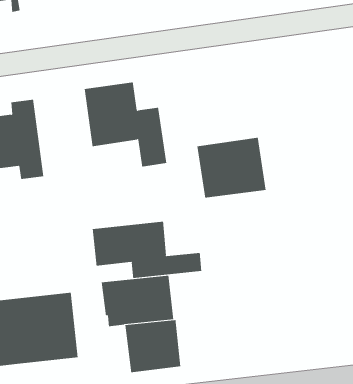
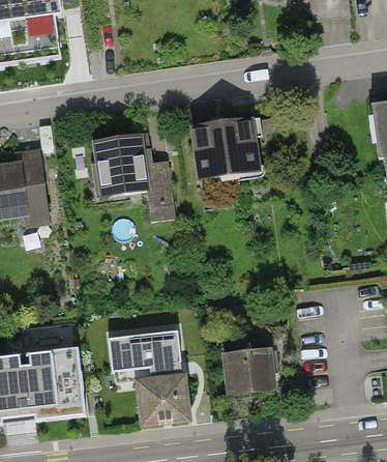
building: [196,137,267,198] -> [190,115,262,177]
building: [92,221,202,279] -> none
building: none -> [220,346,277,398]

